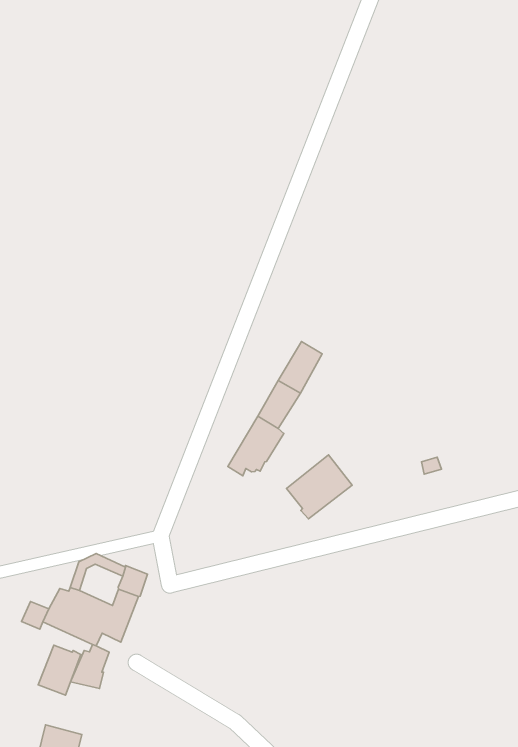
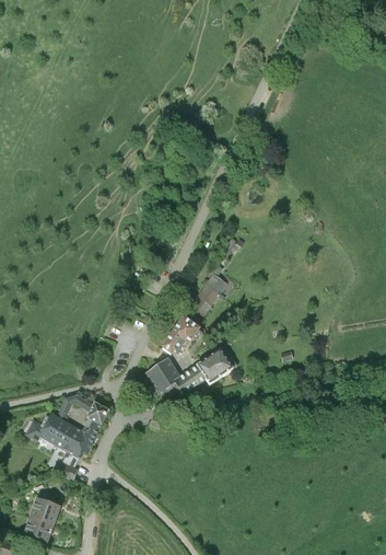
building: none -> [147,359,206,398]
building: [38,645,81,695] -> none

